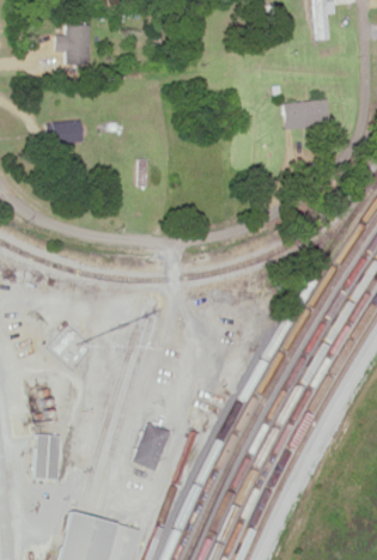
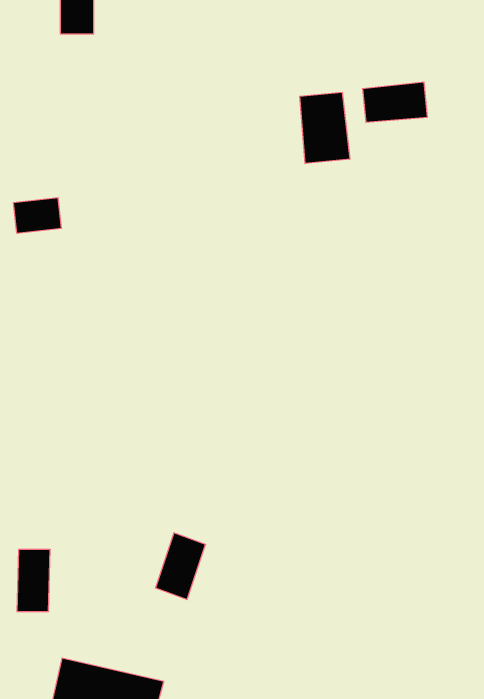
building: none -> [300,92,350,164]
building: [48,120,83,145] -> [13,198,62,233]

